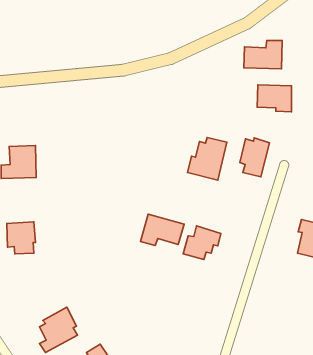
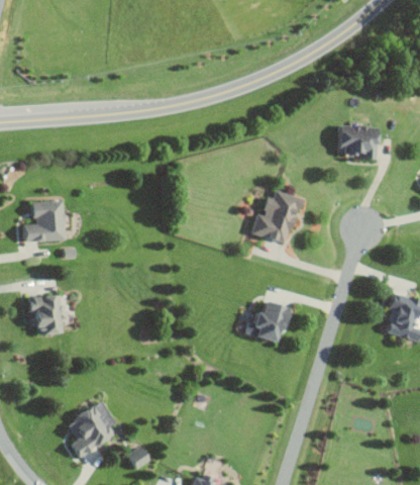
building: [244,40,282,69] -> none
building: [240,138,269,177] -> none
building: [140,214,184,245] -> none

